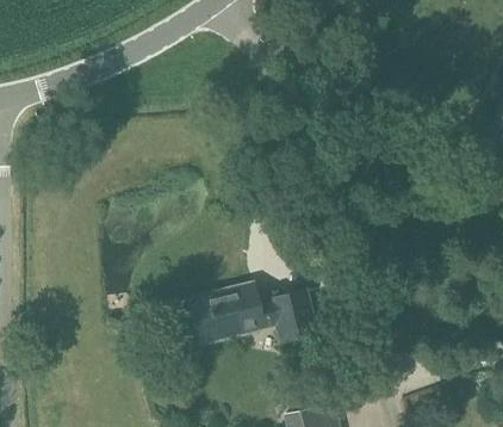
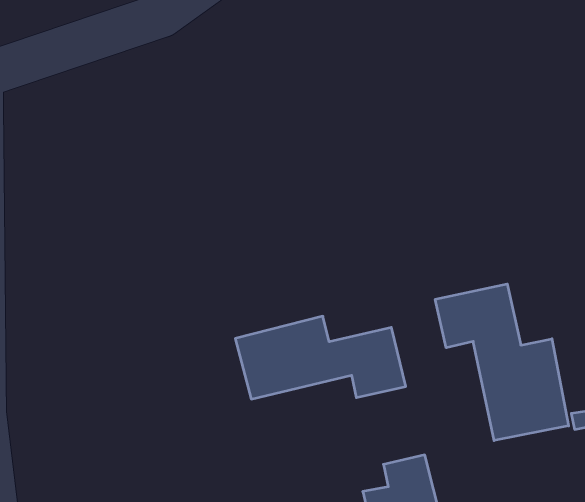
building: none -> [435,284,569,441]

